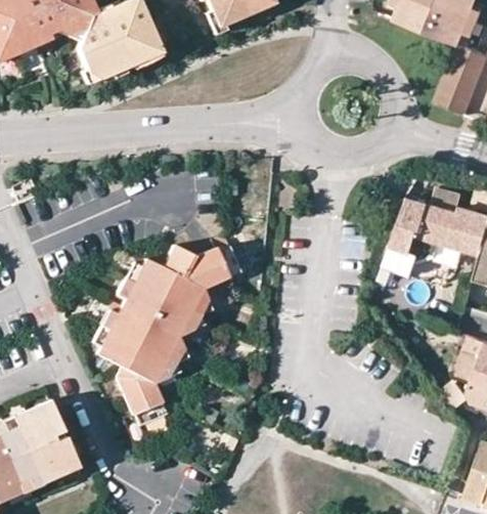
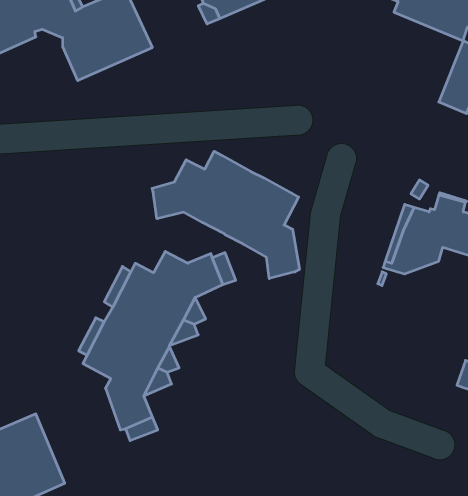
building: none -> [152,151,299,279]

